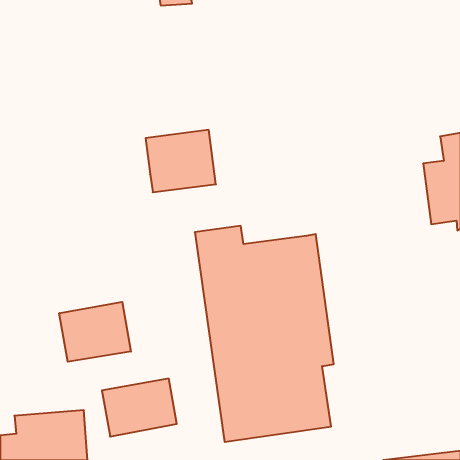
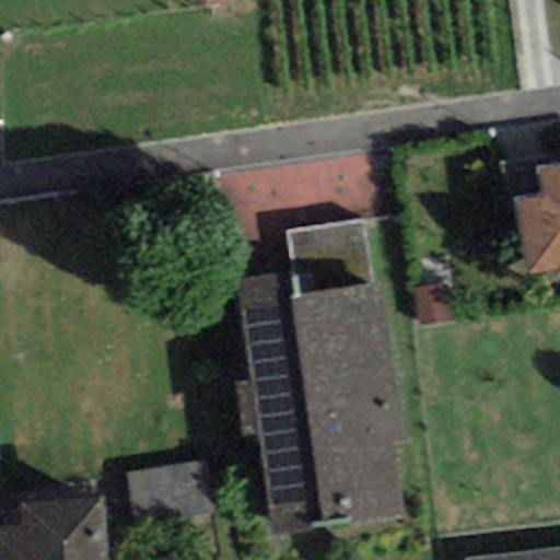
building: [146,130,216,192] -> [288,220,373,295]
building: [59,302,131,362] -> none

